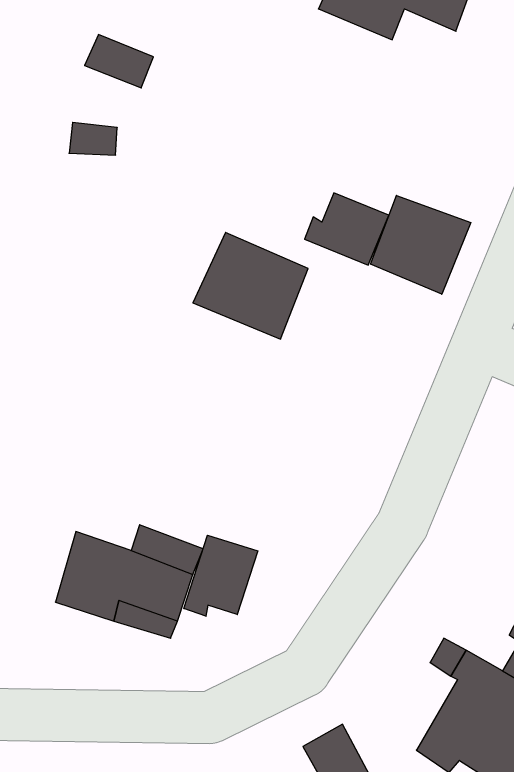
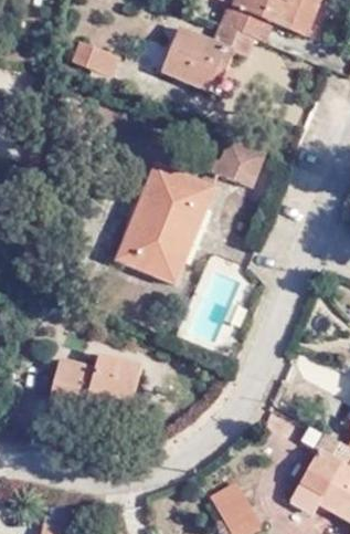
building: none -> [166,22,257,80]
building: [371,195,471,294] -> none
building: none -> [118,209,198,285]
building: [184,535,258,616] -> none

